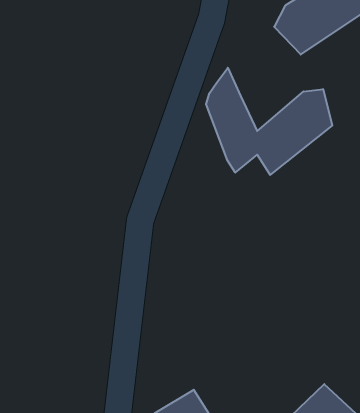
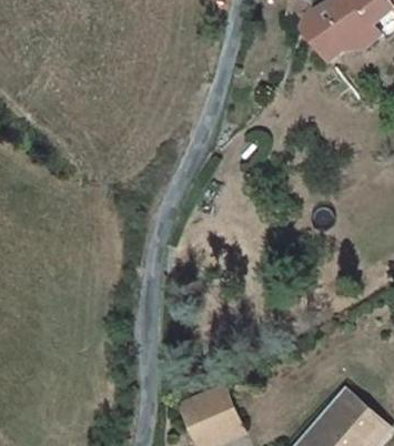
building: [206,68,332,175] -> none

